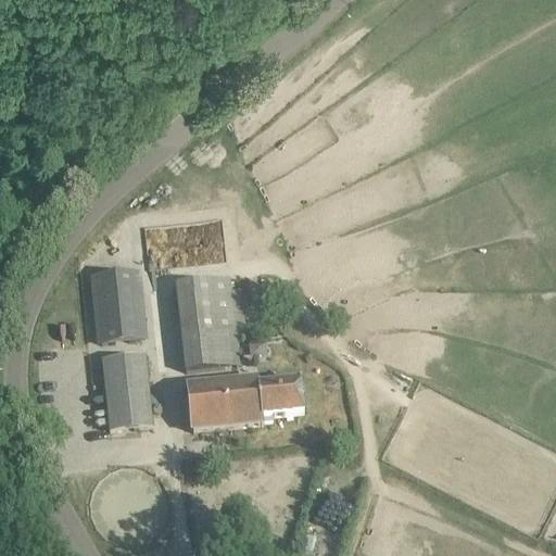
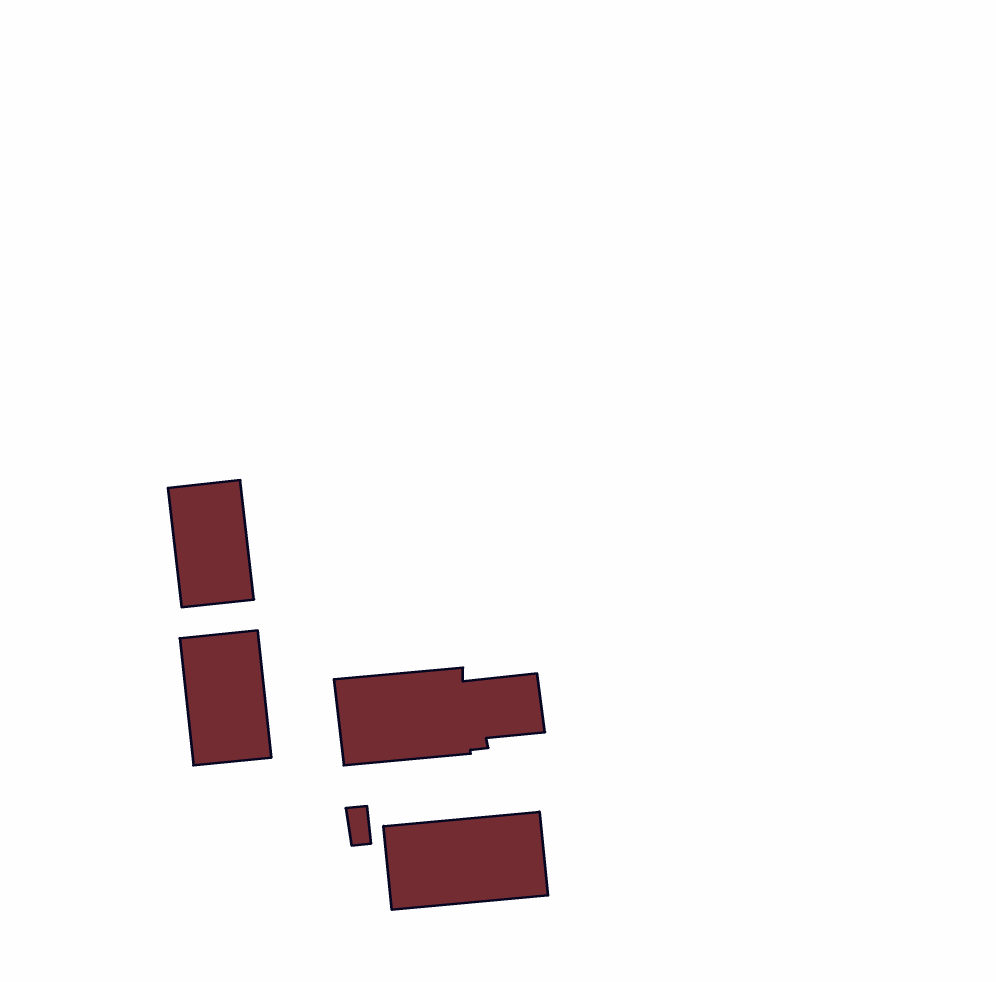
building: [175,273,237,366] -> none
building: none -> [384,812,548,910]

